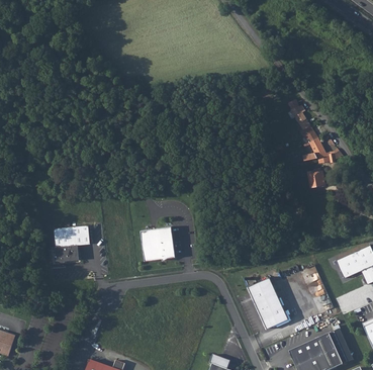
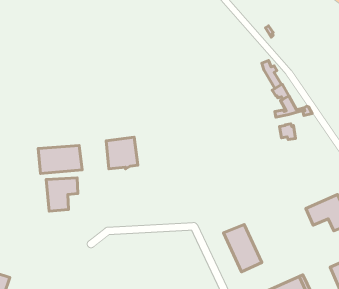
building: none -> [38,145,82,173]
building: [141,226,175,261] -> [106,137,138,169]

